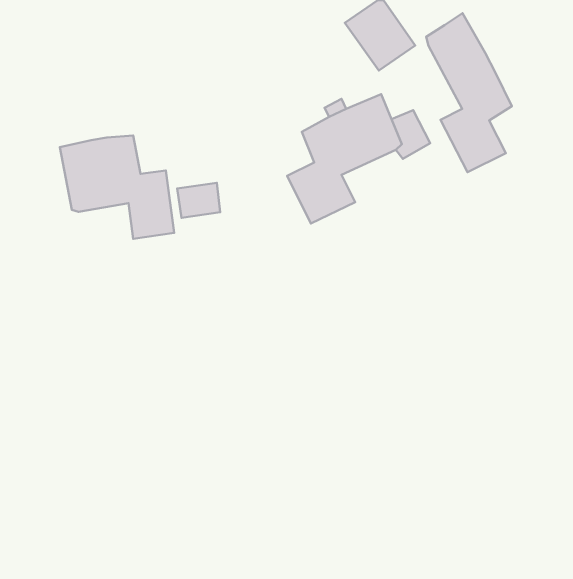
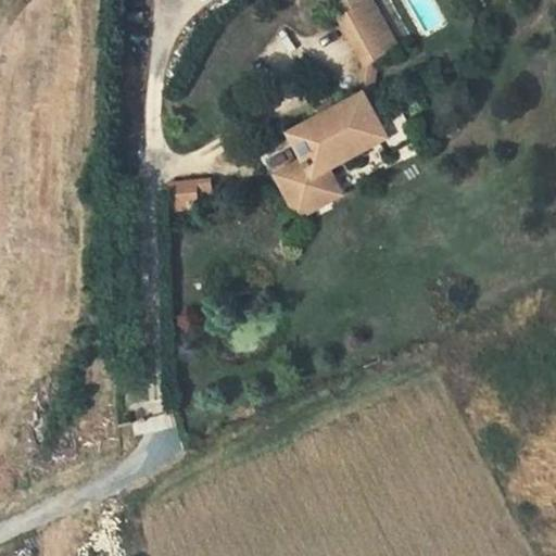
building: [426,13,512,172] -> none
building: [60,135,174,239] -> none

